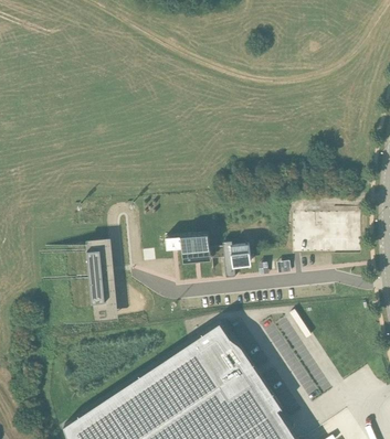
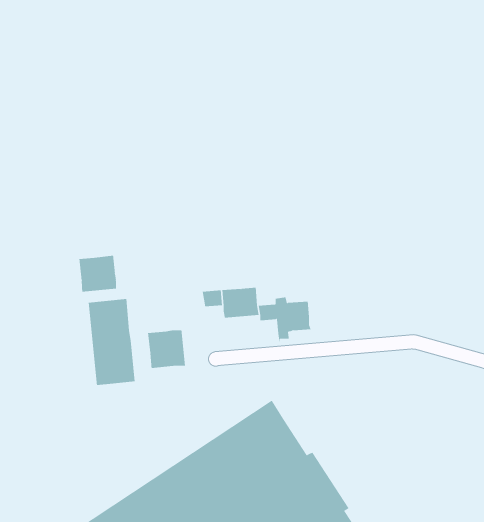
building: none -> [79,255,117,293]
building: none -> [148,330,185,369]

